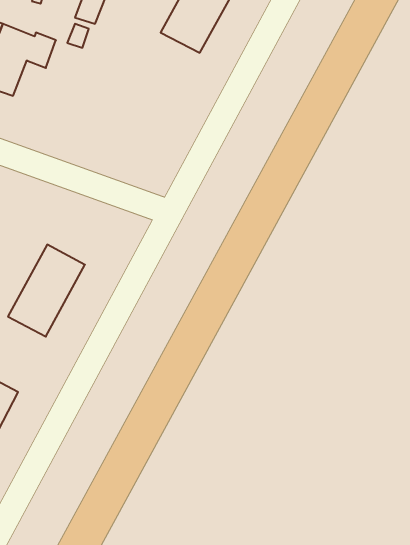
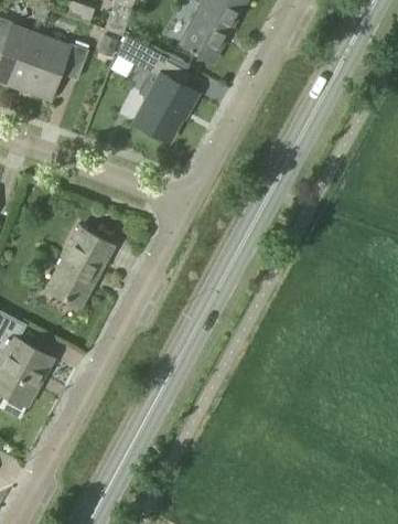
building: none -> [118,34,197,142]

